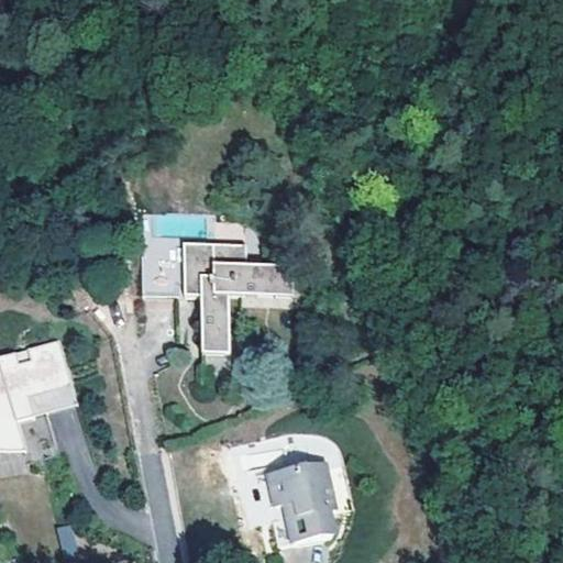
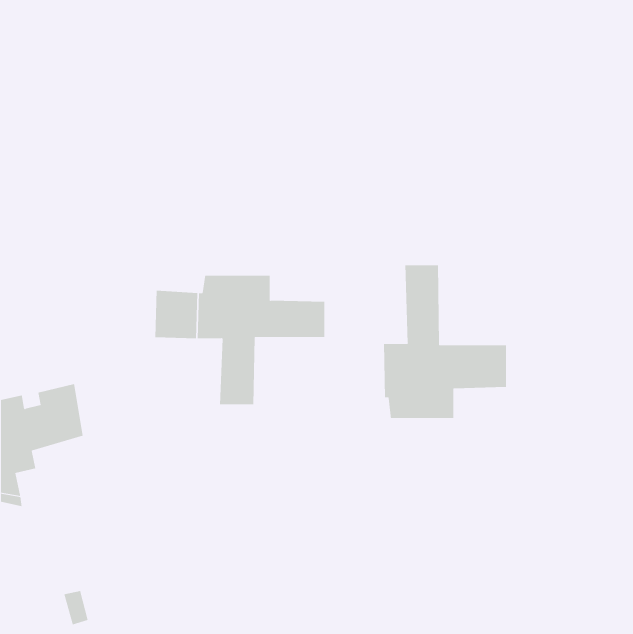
building: none -> [383,264,507,419]
building: [272,457,345,544] -> none

